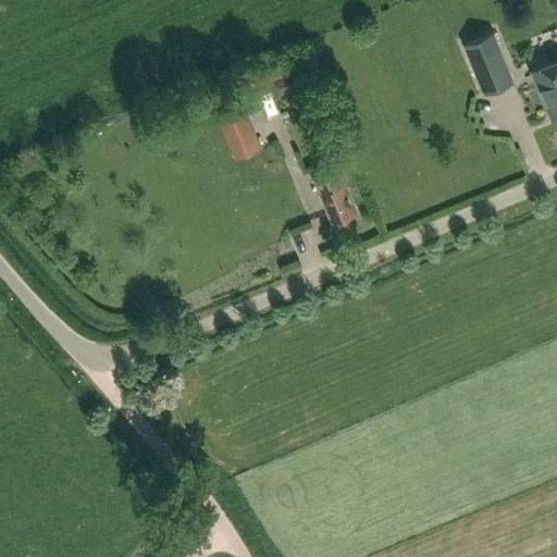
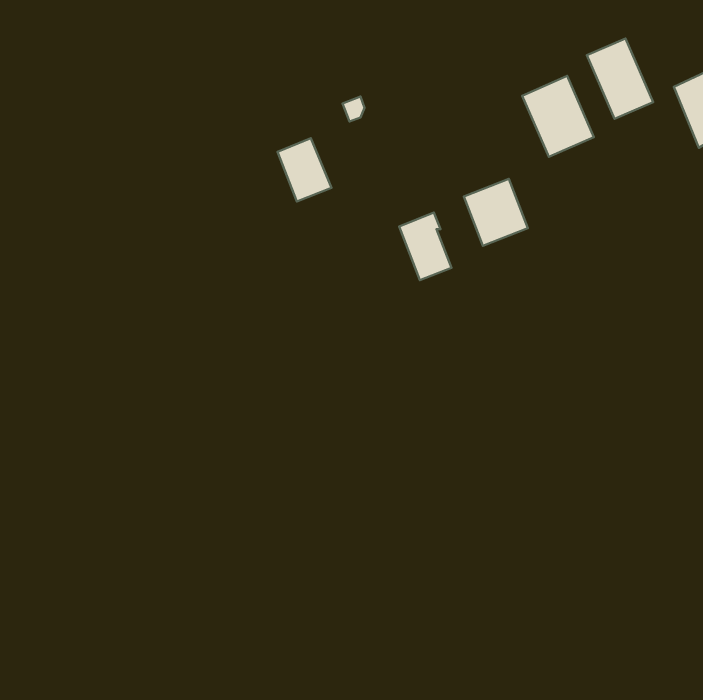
building: none -> [522,76,594,157]
building: none -> [464,179,528,246]

